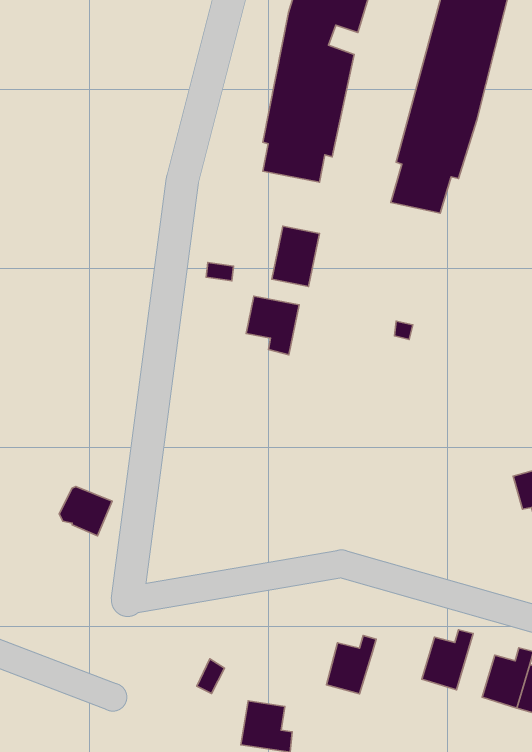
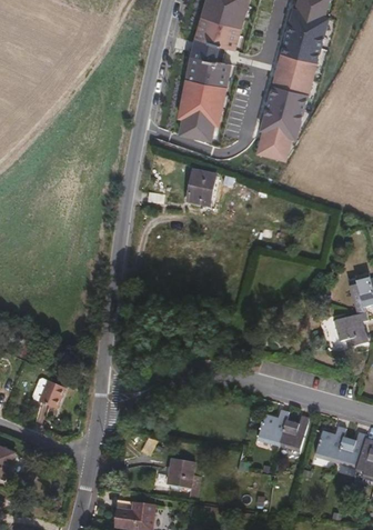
building: [246,296,299,355] -> none
building: [59,487,112,536] -> [31,377,63,407]
building: [327,635,376,694] -> [256,409,286,444]

